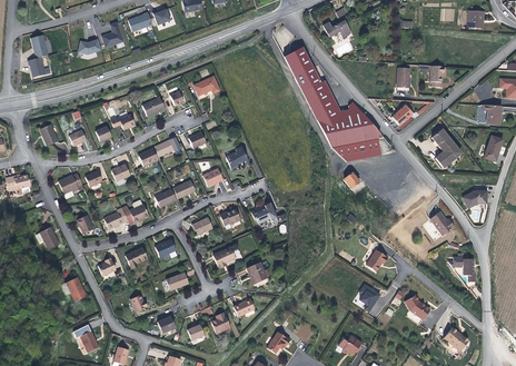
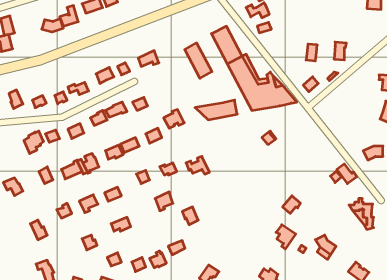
building: none -> [185,43,212,78]
building: [431,128,460,166] -> none
building: [329,138,379,161] -> [195,100,237,120]

